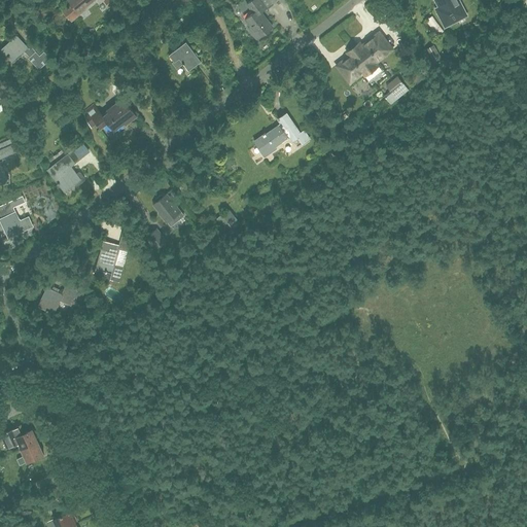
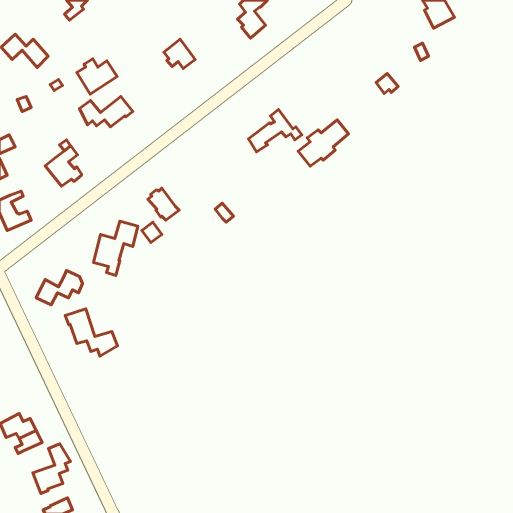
building: [338,35,389,82] -> [298,120,348,166]
building: none -> [77,59,117,94]
building: none -> [65,309,117,356]
building: none -> [33,444,70,493]

